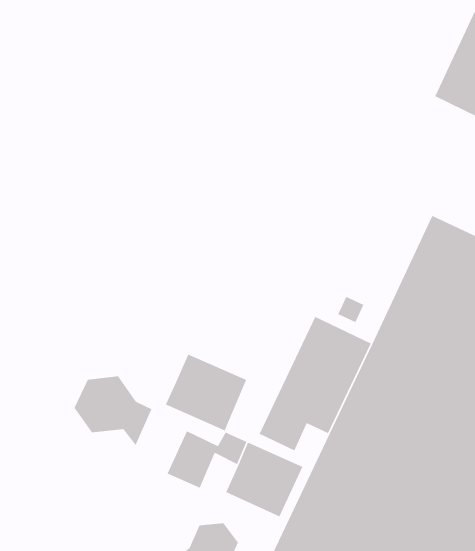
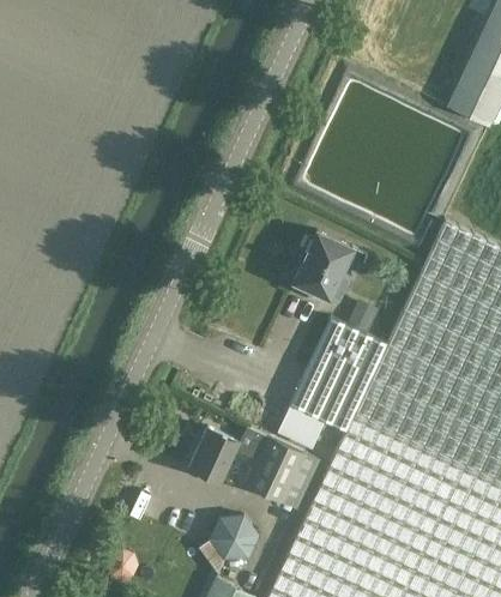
building: none -> [294,233,354,302]
building: [165,354,247,432] -> none
building: [73,376,153,447] -> none

